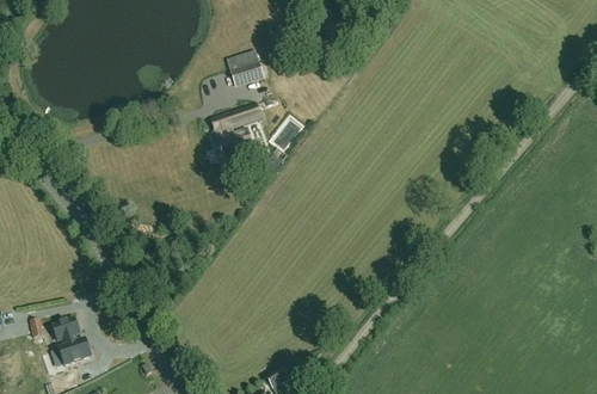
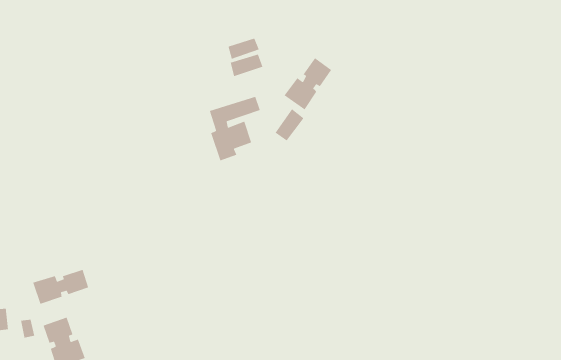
building: none -> [284,57,332,110]
building: none -> [32,269,89,305]

